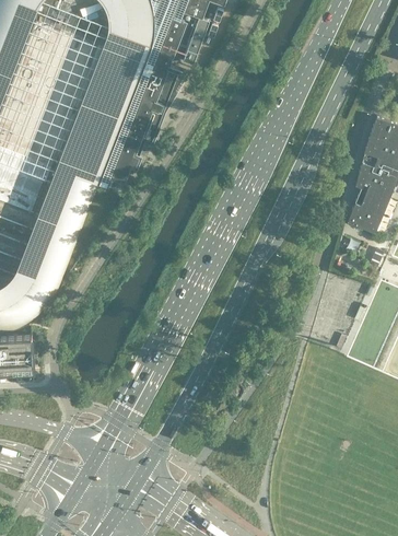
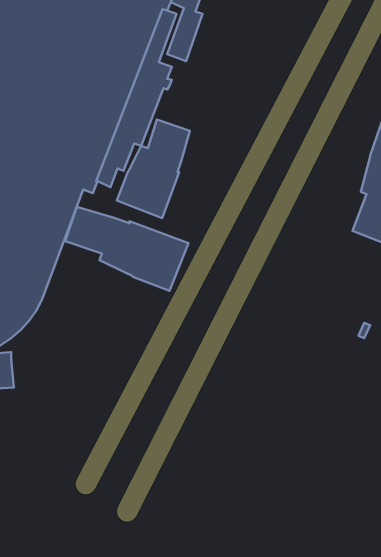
building: none -> [117,120,190,218]
building: none -> [65,207,188,291]

